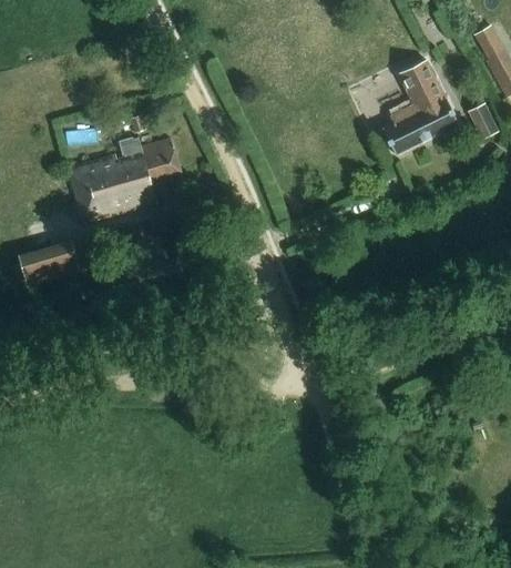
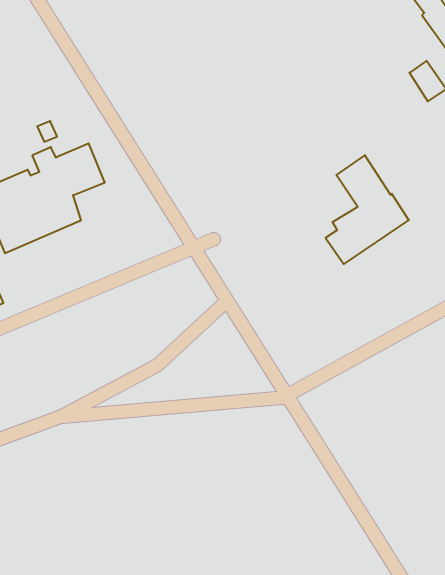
building: [382,59,459,154] -> [326,155,409,264]

